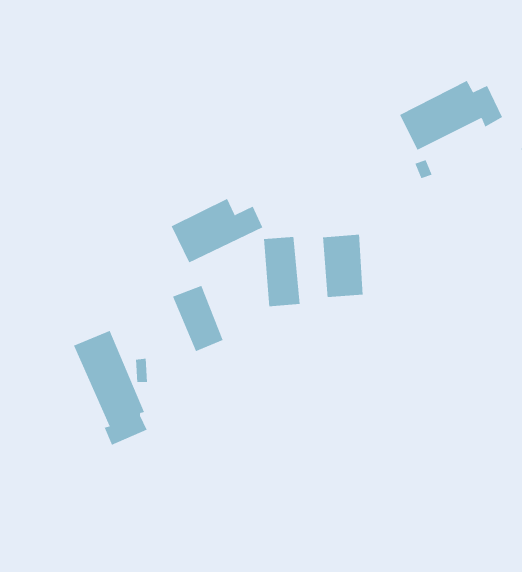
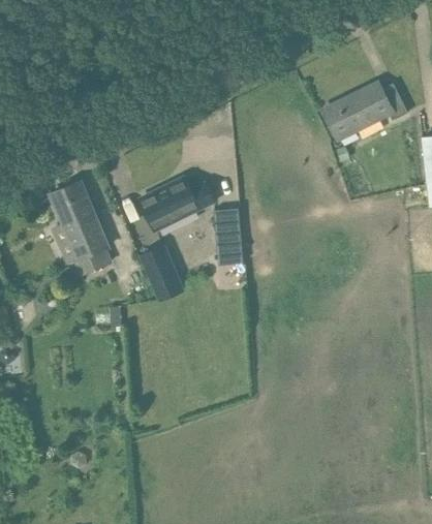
building: [322,234,363,298] -> none
building: [73,330,147,445] -> [50,182,110,275]

